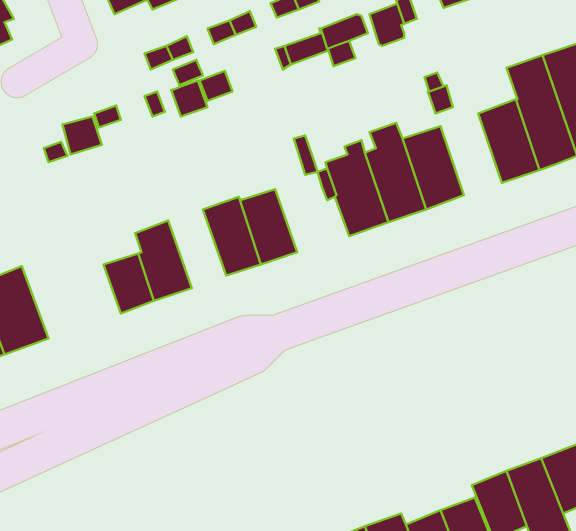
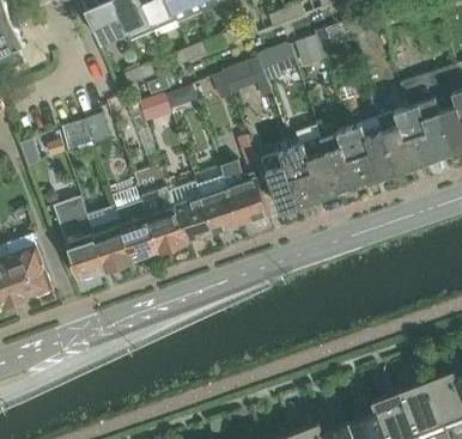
building: none -> [348,118,395,181]
building: none -> [220,160,267,224]
building: none -> [133,165,186,251]
building: none -> [53,196,105,279]

